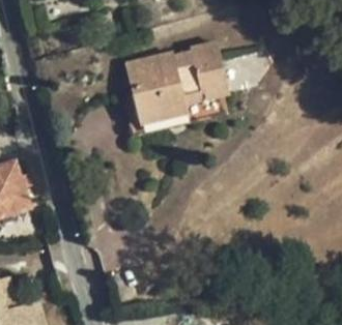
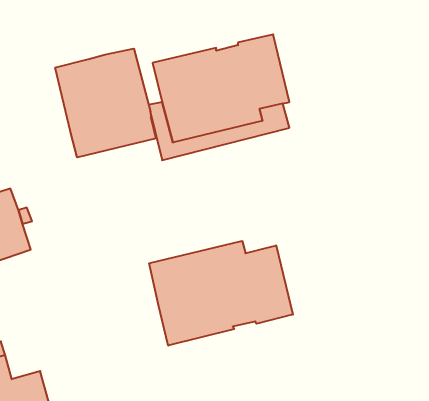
building: none -> [55,49,156,157]
building: none -> [149,241,293,346]

